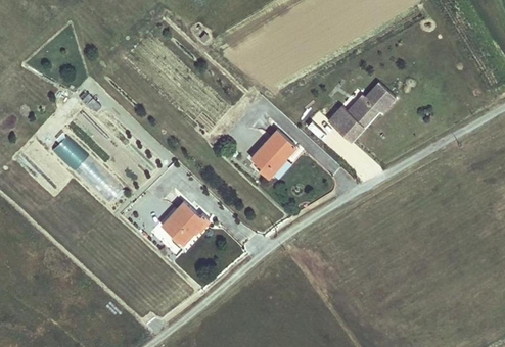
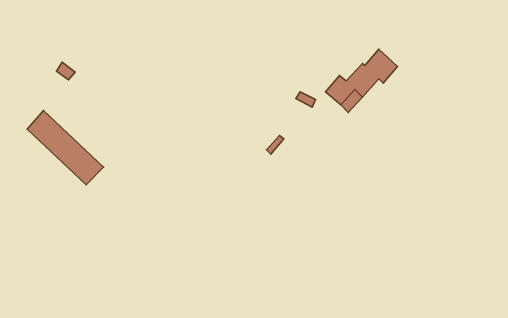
building: [251,130,294,177] -> none
building: [158,202,203,242] -> none

